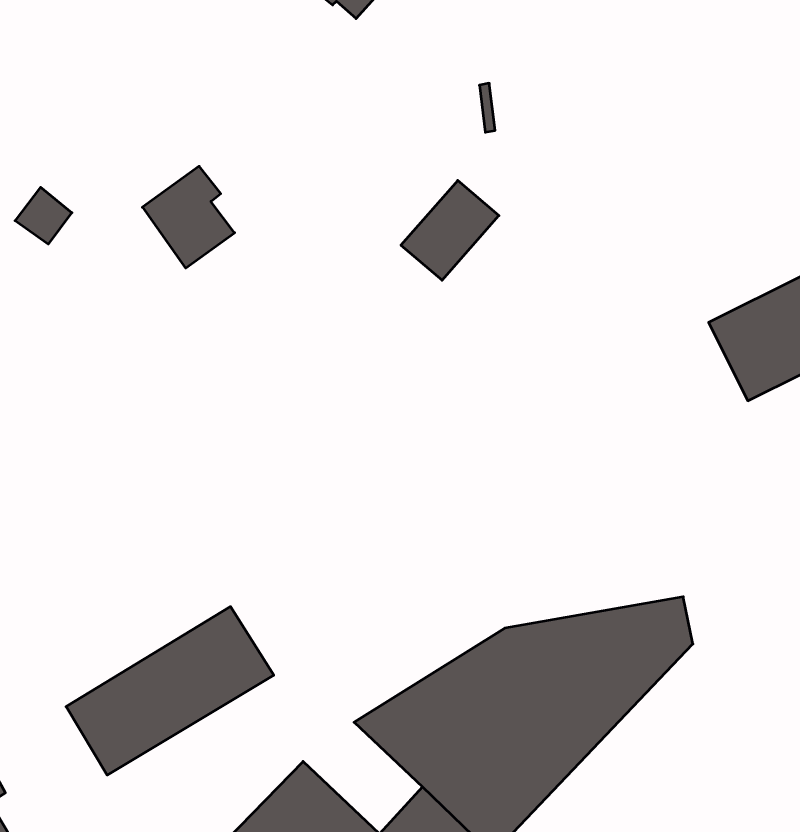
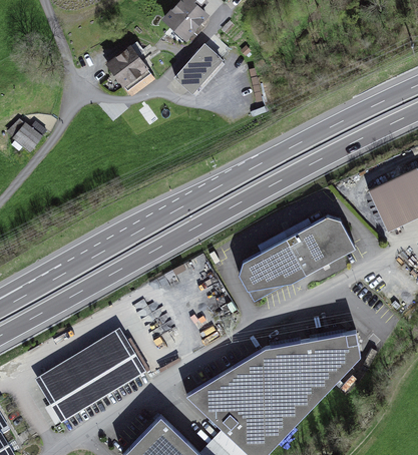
building: [142,166,235,268] -> [107,42,154,94]
building: [401,180,499,280] -> [174,45,225,96]
building: none -> [239,214,355,302]

